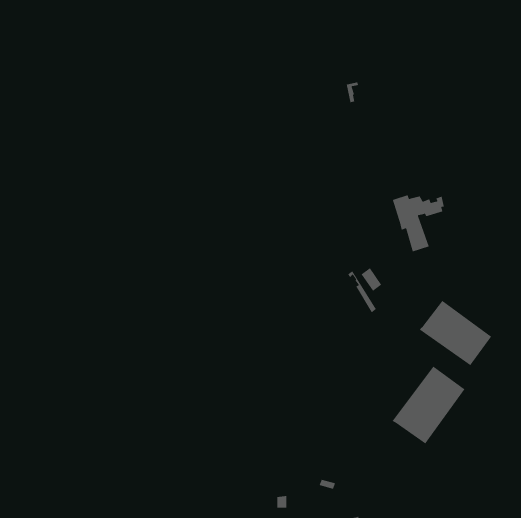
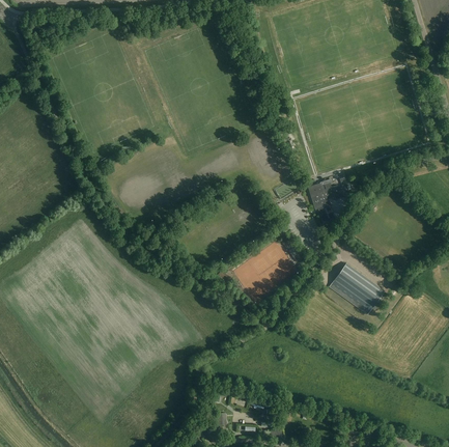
building: [391,365,466,444] -> none

